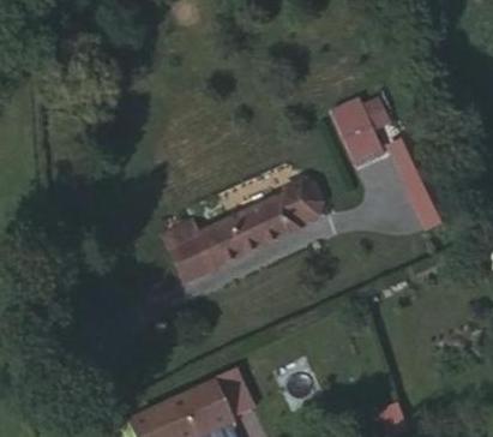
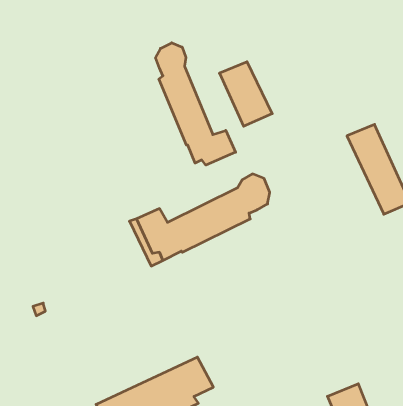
building: none -> [156,43,236,165]
building: [333,96,389,163] -> [219,62,272,126]

